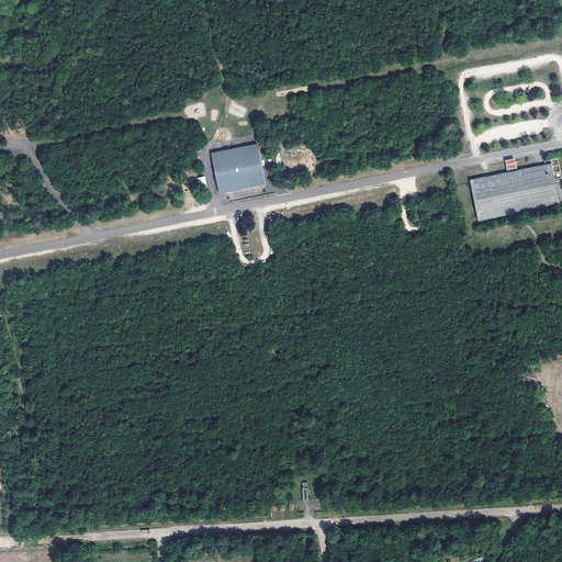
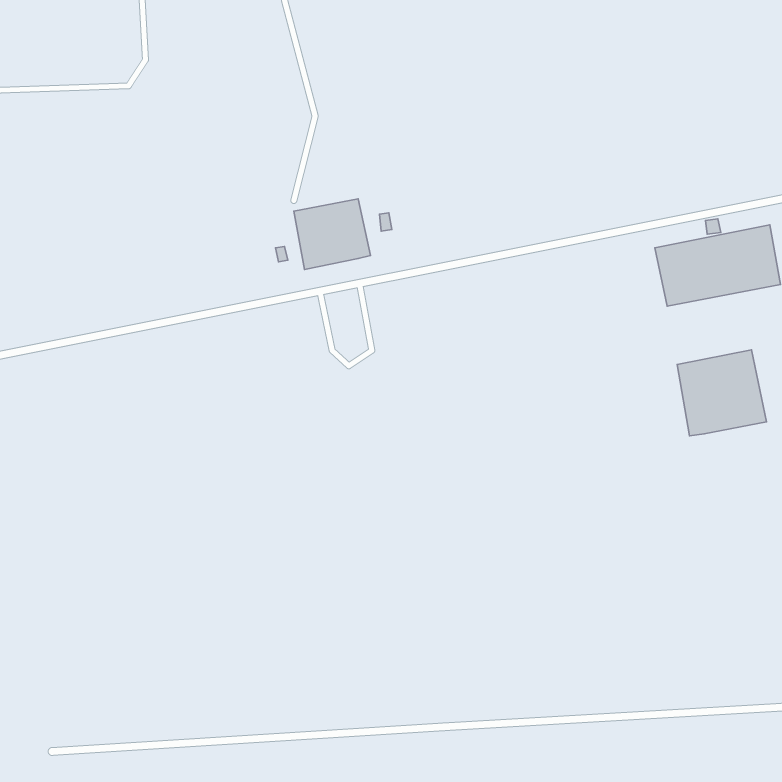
building: none -> [677,350,766,436]

